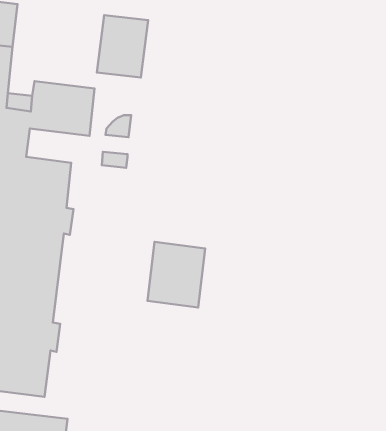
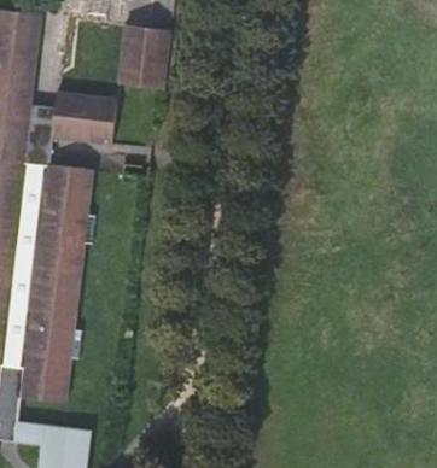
building: [148,242,205,308] -> none

